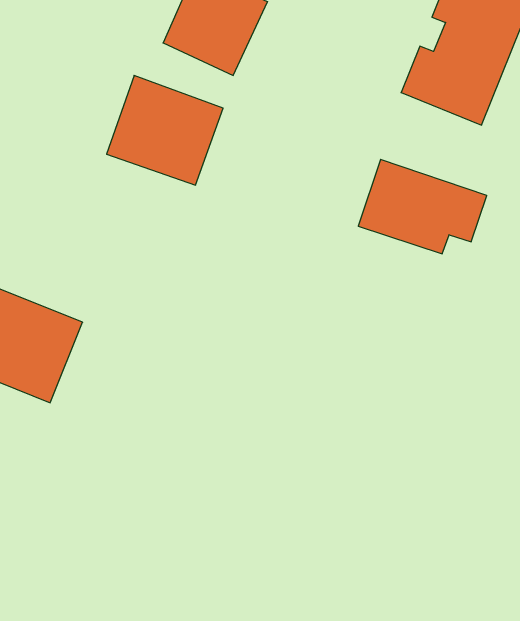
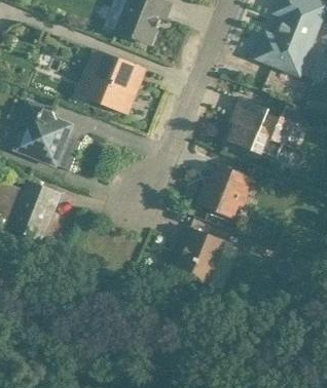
building: none -> [15,99,79,170]
building: none -> [198,164,256,221]
building: none -> [170,225,226,282]

